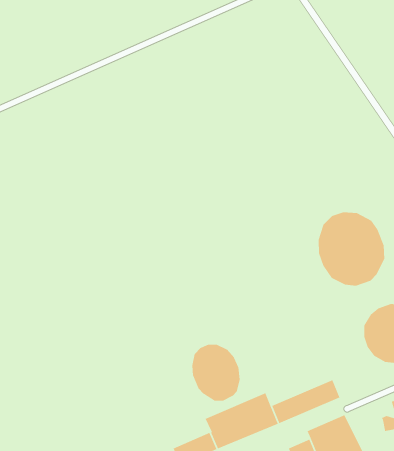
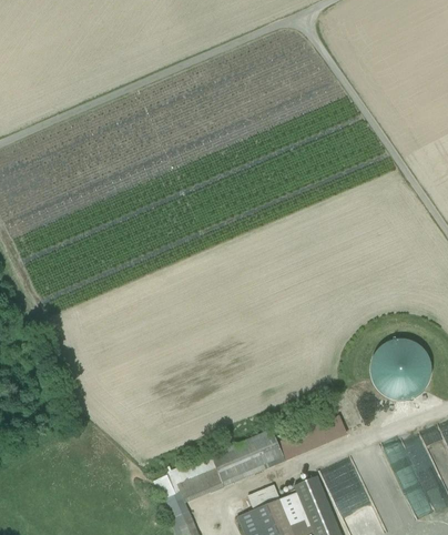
building: [318,212,385,286] -> none
building: [191,344,241,402] -> none

